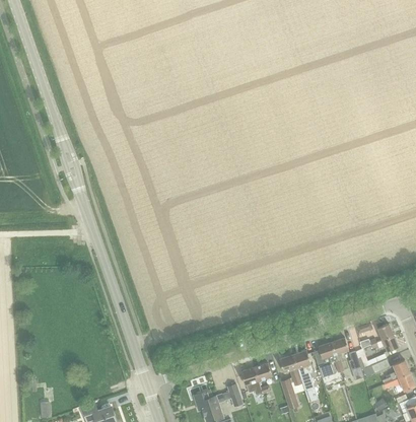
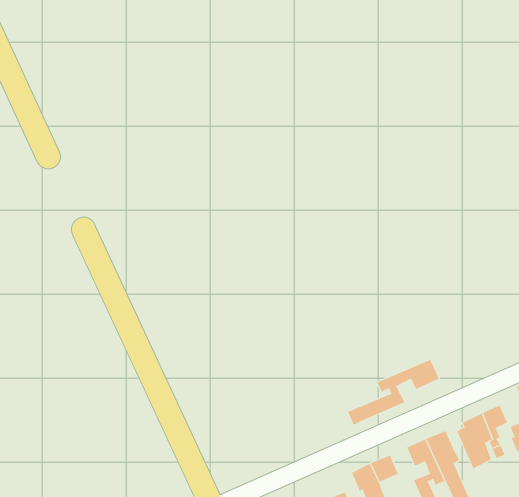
building: none -> [348,359,440,425]

